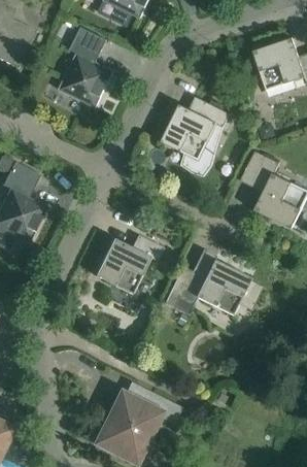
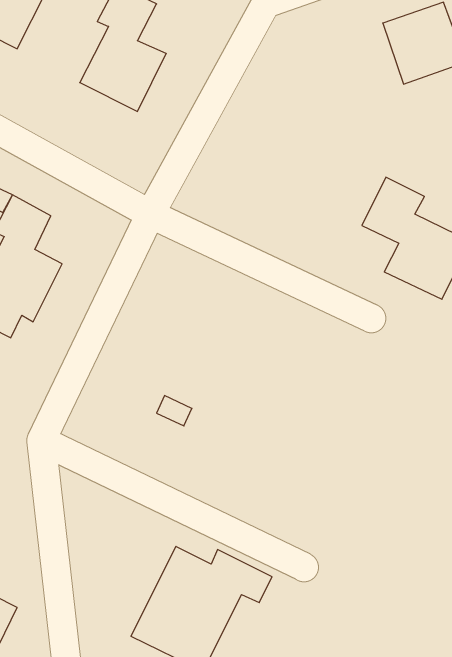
building: [161,96,229,175] -> none
building: [95,234,163,293] -> none
building: [163,259,262,314] -> none

